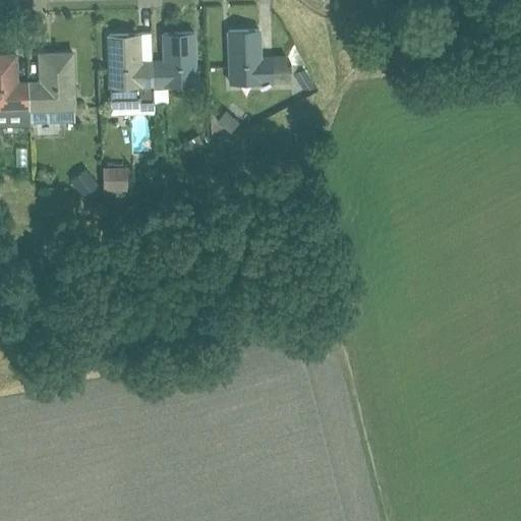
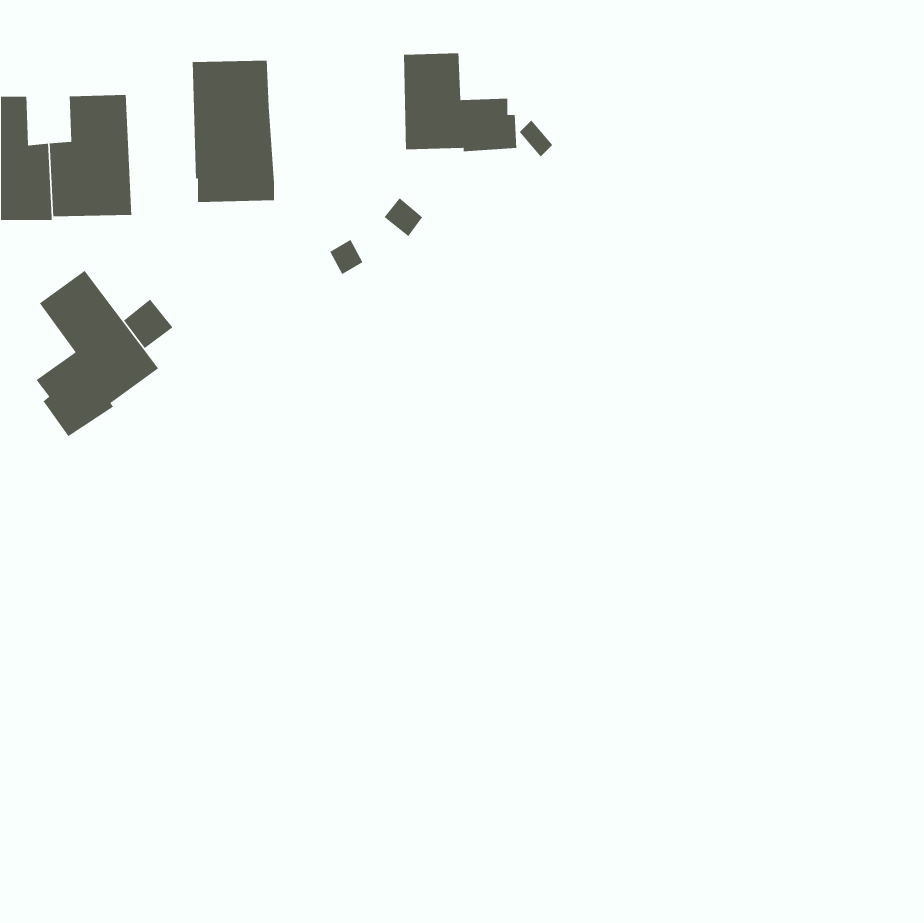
building: [152,33,194,104] -> none
building: none -> [35,270,159,437]
building: [102,167,126,199] -> none

